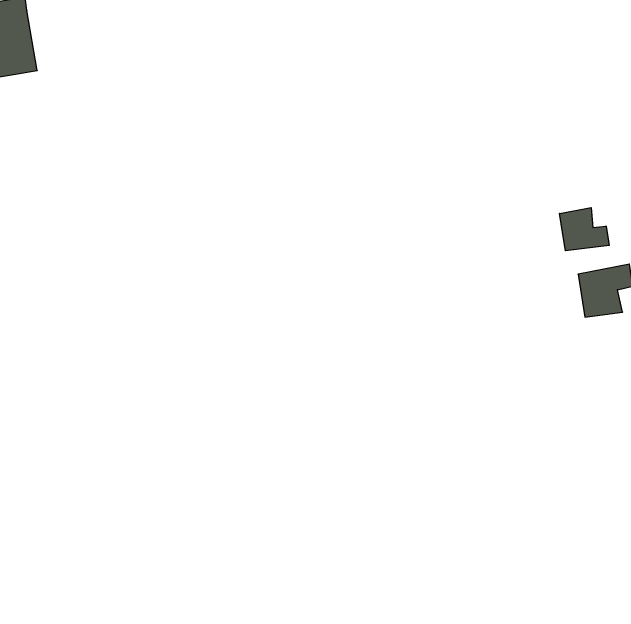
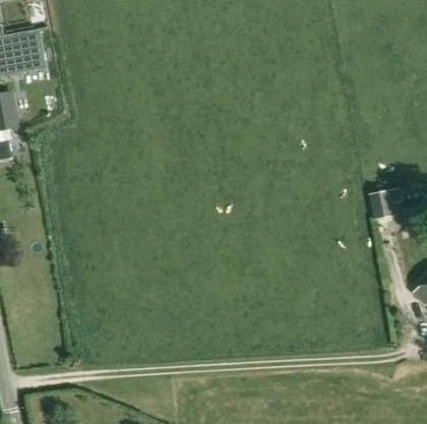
building: [560,208,609,251] -> none

